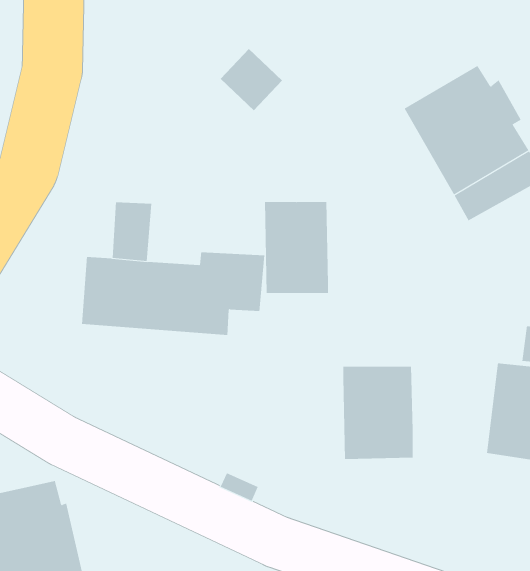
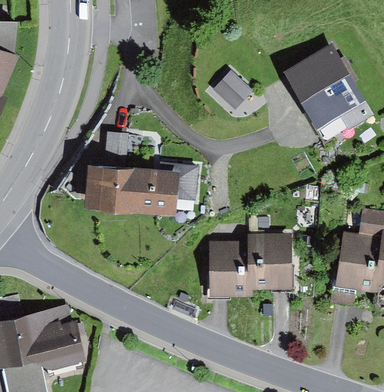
building: [220,48,283,111] -> [214,72,253,111]
building: [264,202,329,293] -> [208,240,248,297]

